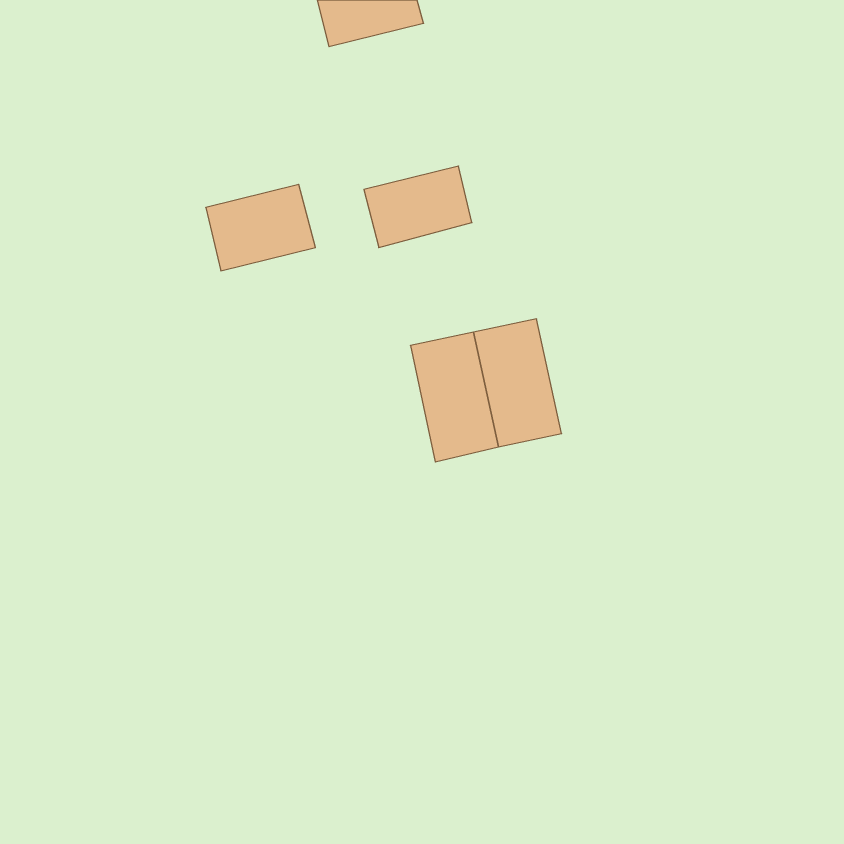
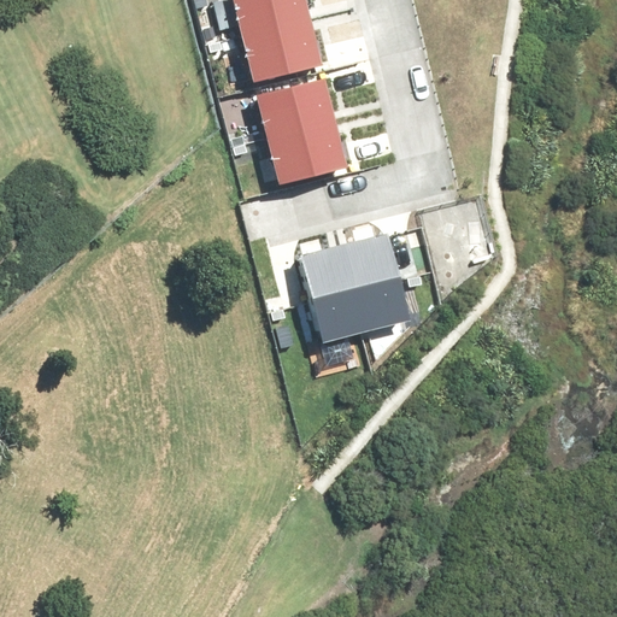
building: none -> [242,20,322,80]
building: [206,184,315,271] -> [257,78,336,141]

